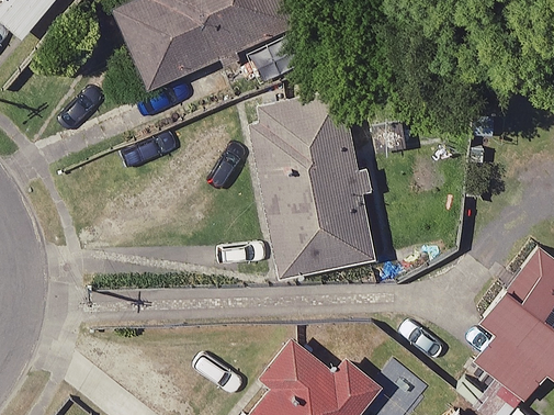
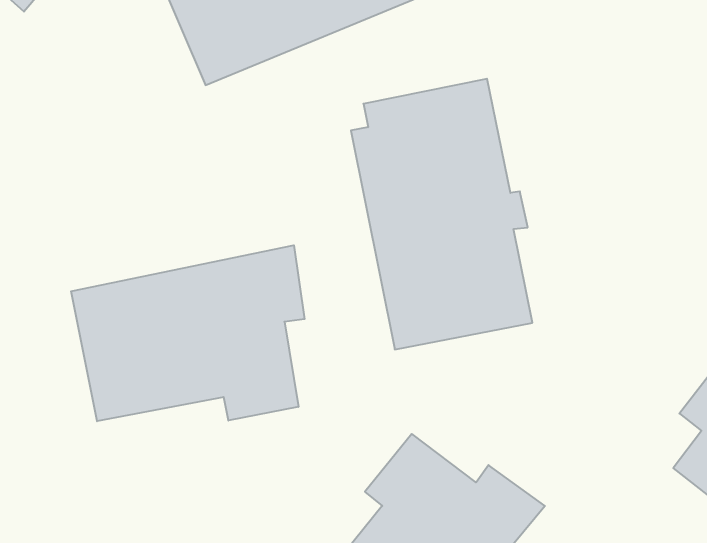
building: none -> [71,245,305,421]

